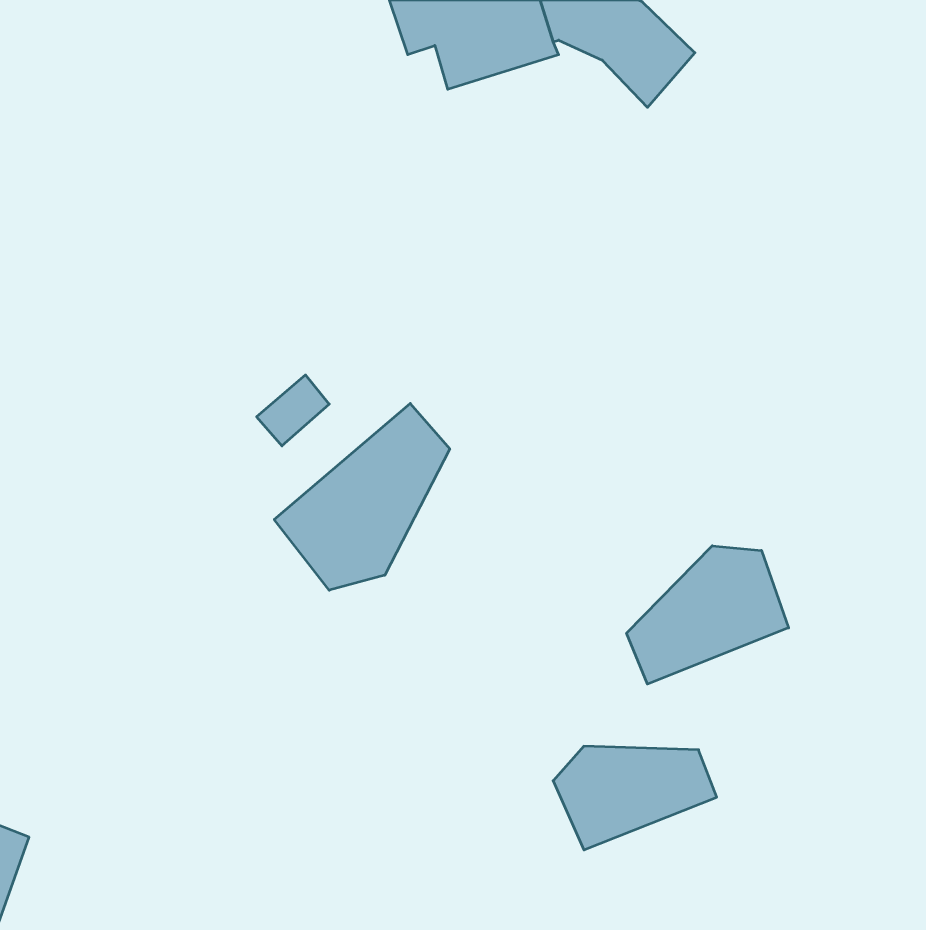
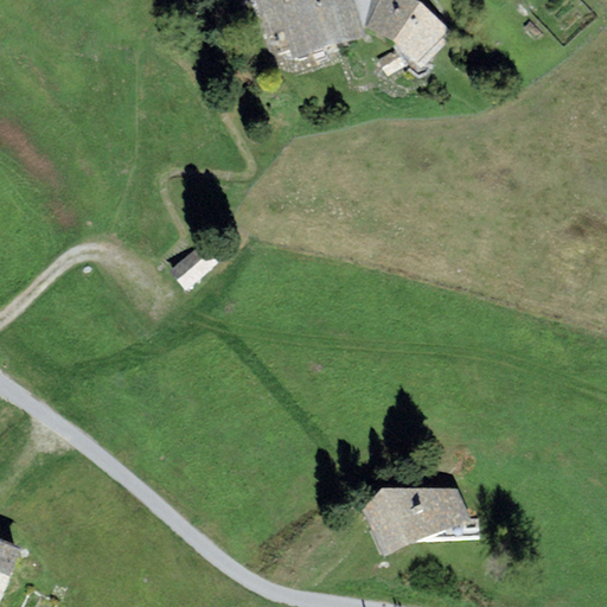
building: [274,403,450,590] -> none
building: [627,546,789,684] -> none

